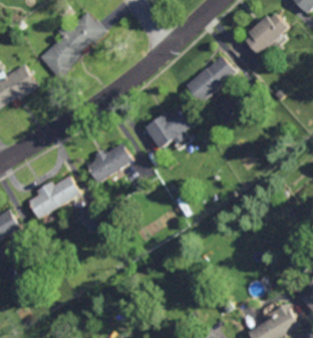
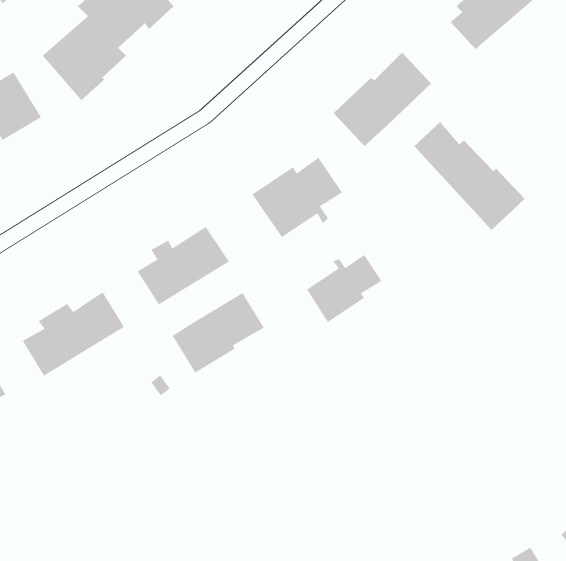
building: none -> [413,121,526,231]
building: none -> [306,254,382,323]
building: none -> [172,292,265,374]

